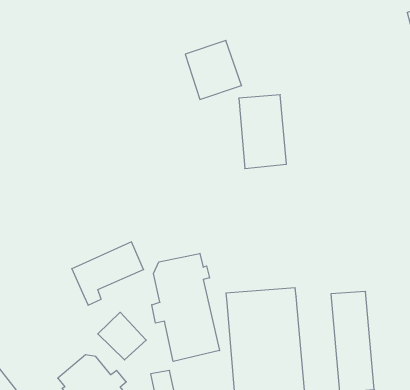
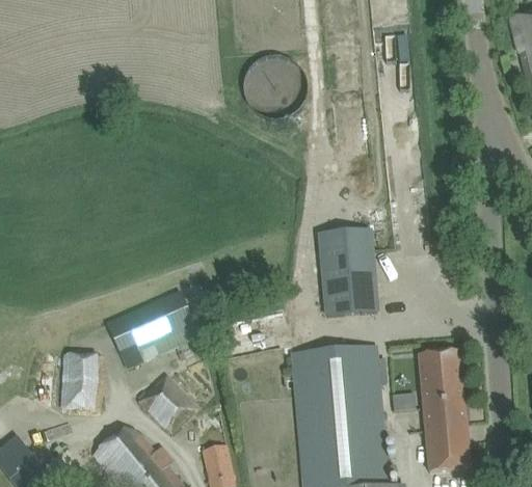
building: [239,95,286,169] -> [319,227,376,316]
building: [152,253,220,361] -> none
building: none -> [58,352,102,409]

